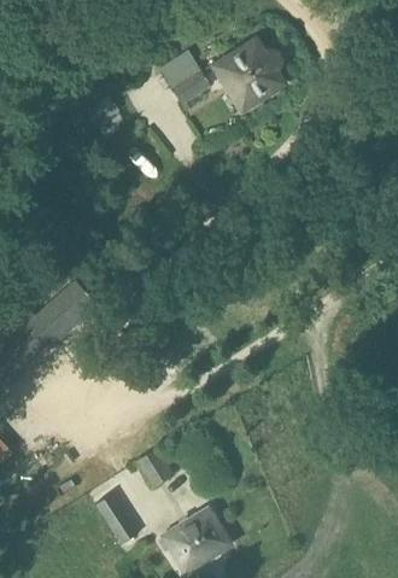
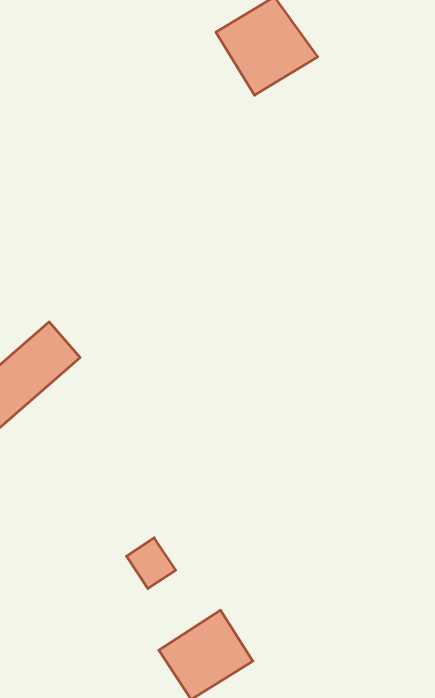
building: [164,57,212,106] -> none
building: [96,494,139,545] -> none

